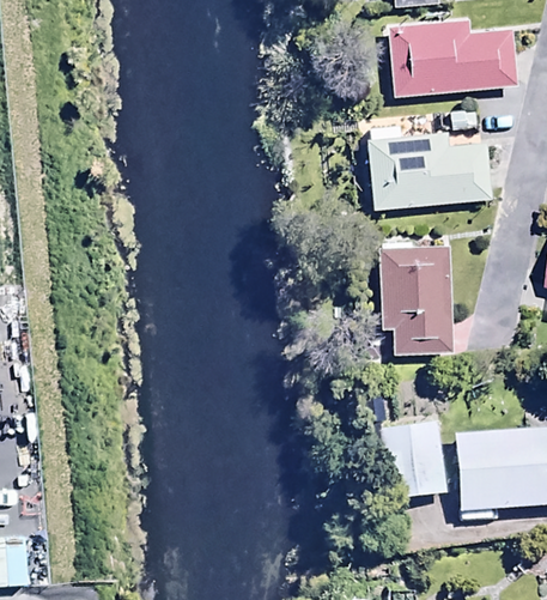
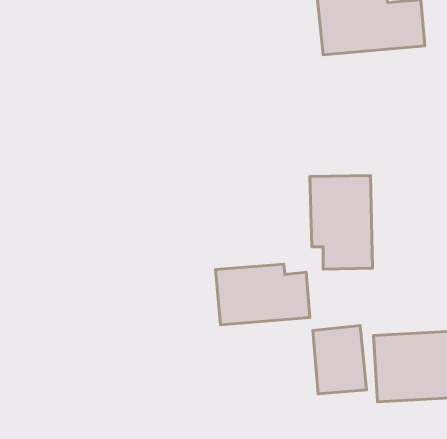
building: [366,126,492,208] -> none
building: none -> [216,264,310,325]

